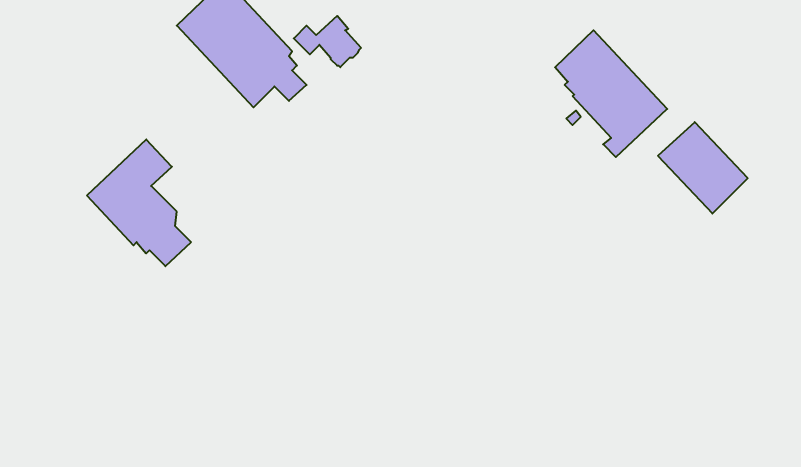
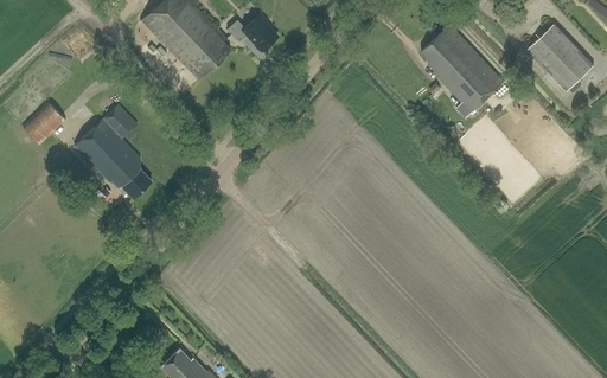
building: [658,122,748,214] -> [528,24,594,91]
building: none -> [23,101,66,145]

